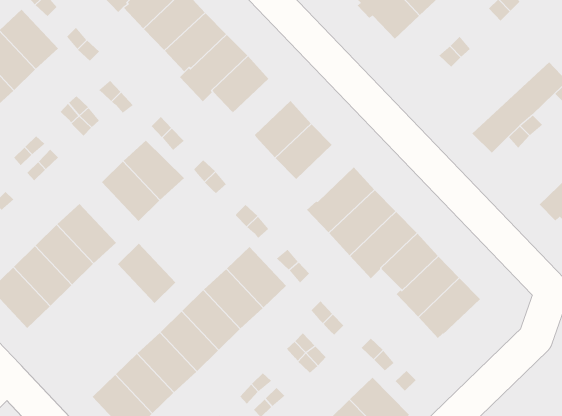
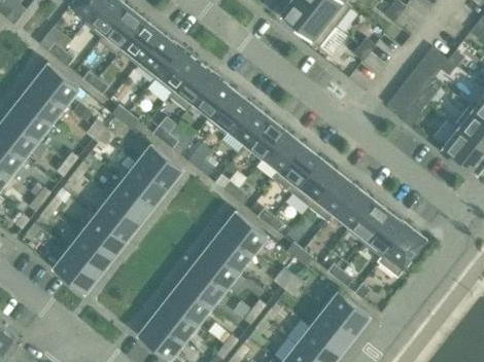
building: none -> [206,88,250,135]
building: none -> [263,130,303,172]
building: [117,243,176,304] -> [109,180,153,222]
building: none -> [378,225,426,277]

